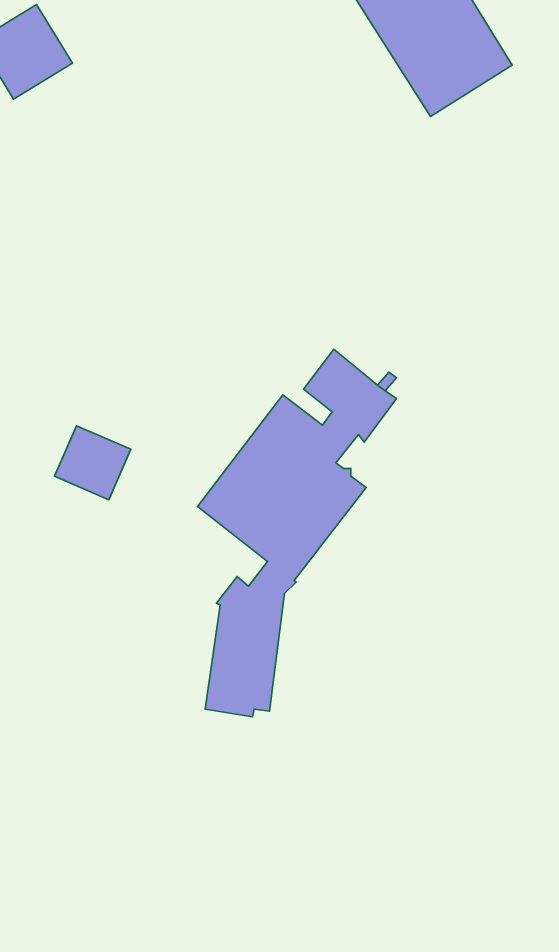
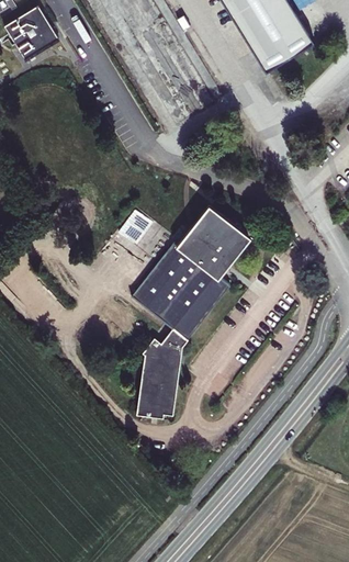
building: [55,426,131,500] -> none

